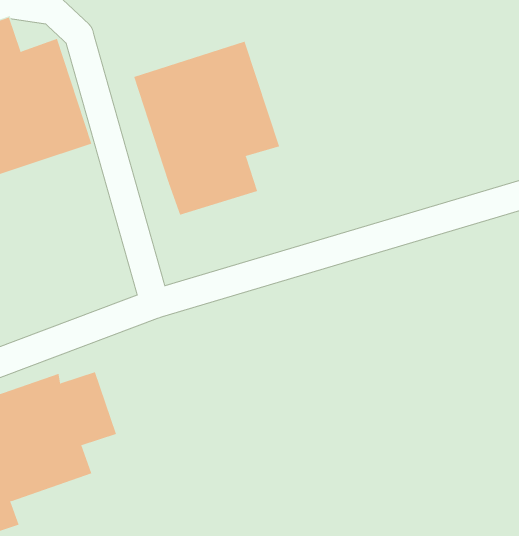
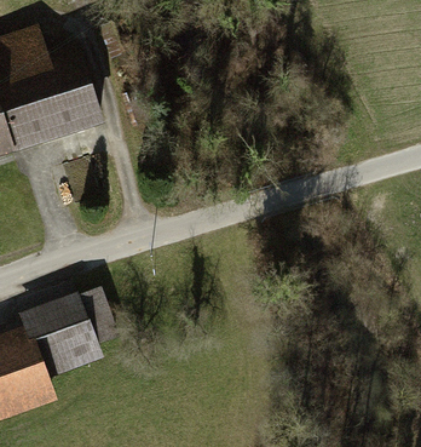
building: [133,41,280,216] -> none

